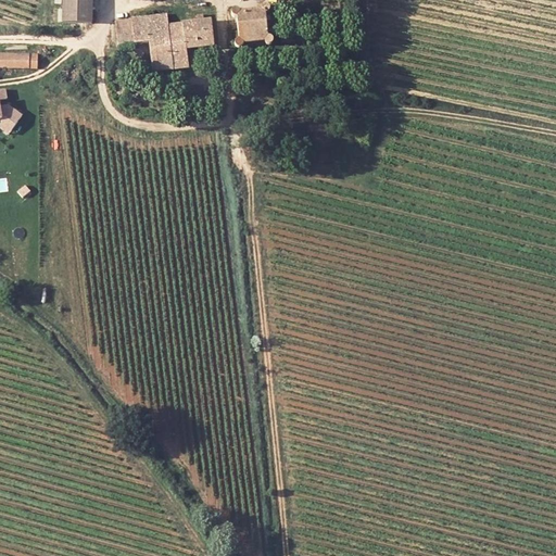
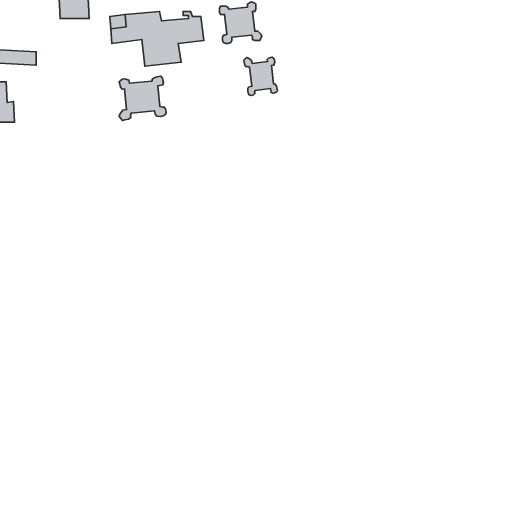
building: none -> [244,57,278,96]
building: none -> [119,76,166,120]

